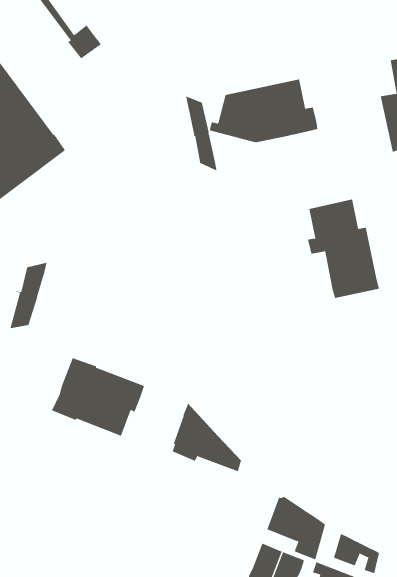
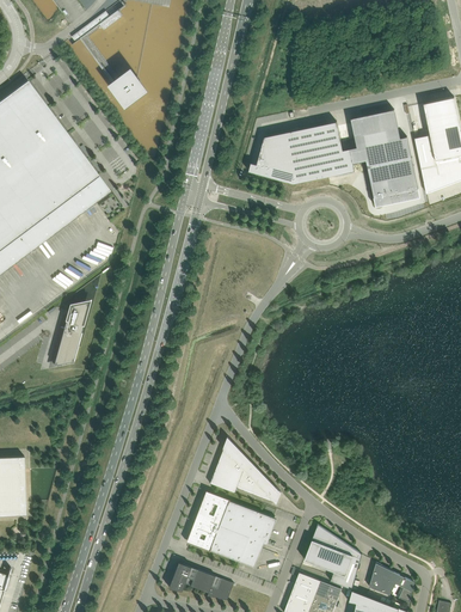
building: [186,96,217,172] -> none
building: [307,199,380,299] -> [350,110,420,207]
building: [51,358,145,436] -> [186,491,277,568]
building: none -> [170,562,234,600]

